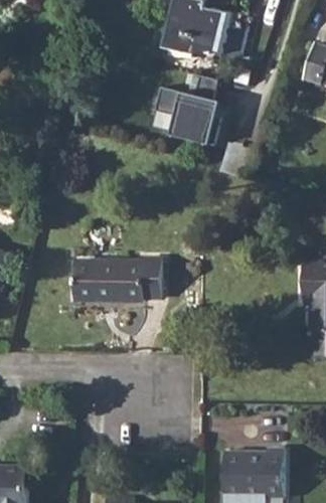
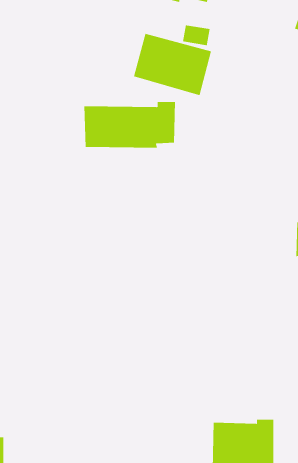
building: [72,258,160,302] -> [84,102,176,148]

